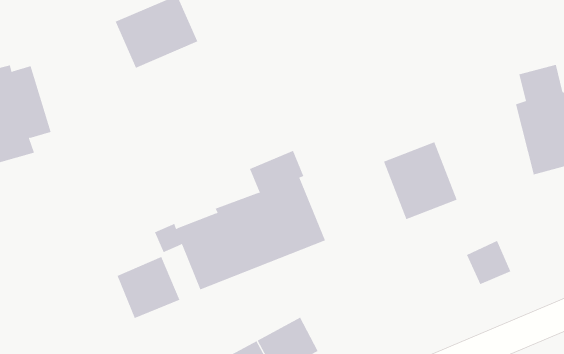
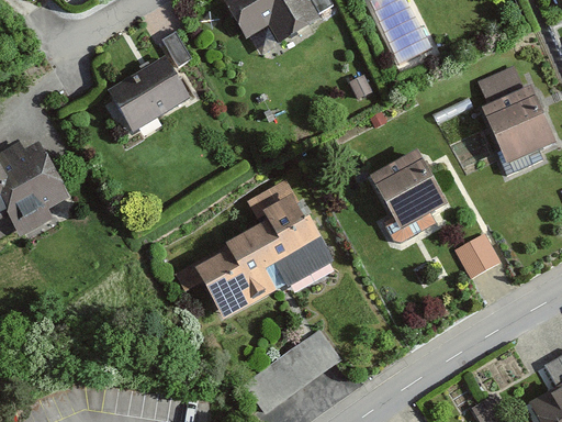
building: [117,256,180,319] -> none

